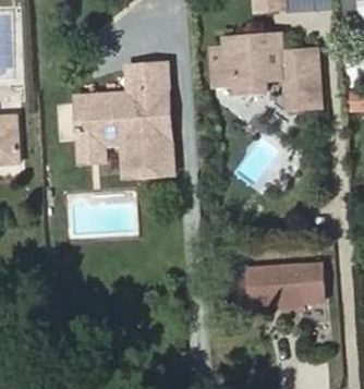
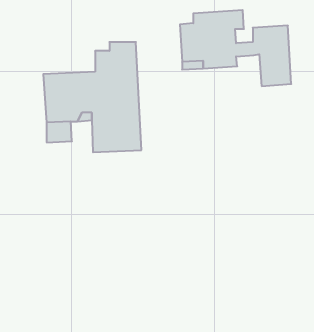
building: [221,259,320,297] -> none

